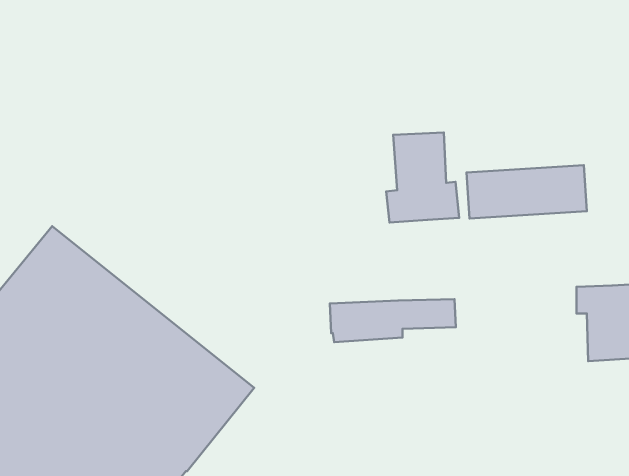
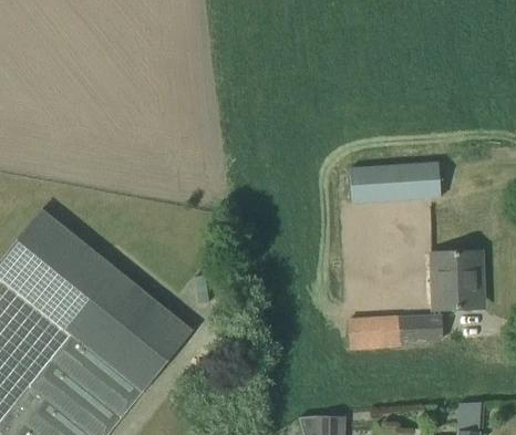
building: [386,133,459,222] -> none
building: [330,299,456,342] -> [347,318,441,350]

